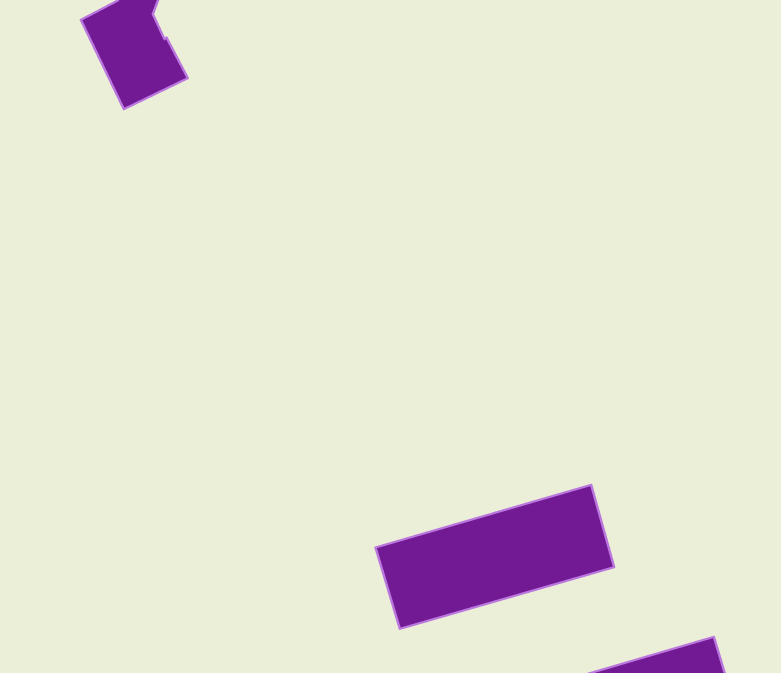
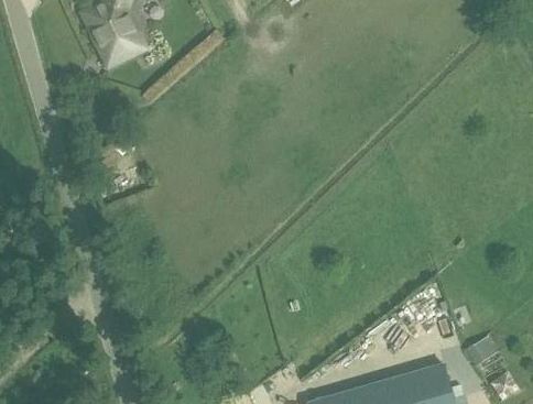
building: [376,485,614,629] -> none

